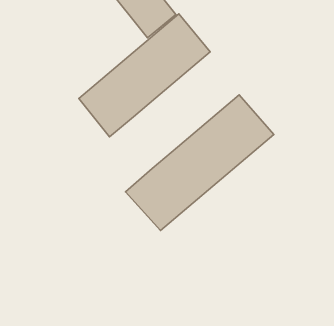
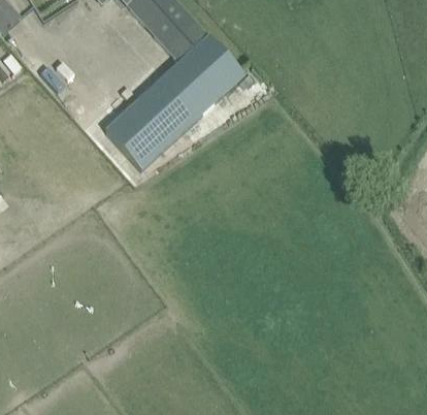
building: [125,95,274,231] -> none

